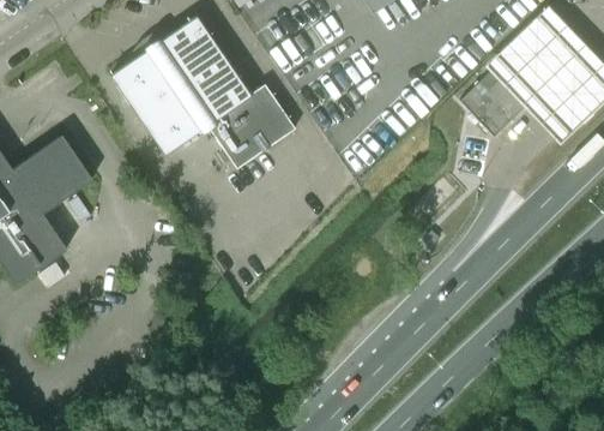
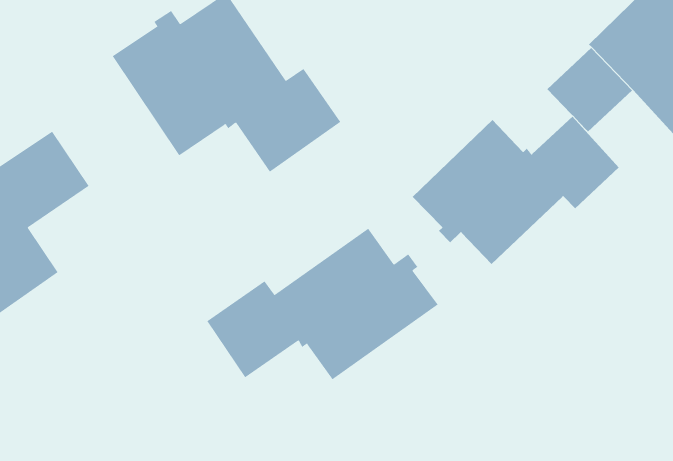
building: none -> [412,116,619,265]
building: none -> [207,228,438,380]

